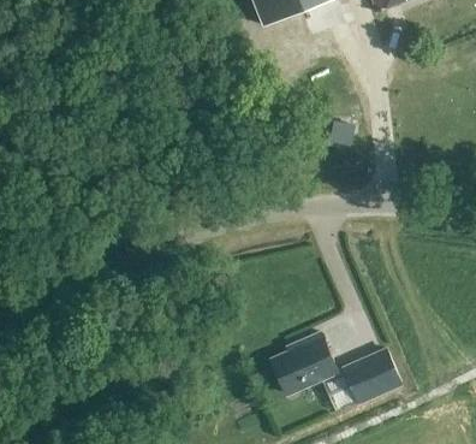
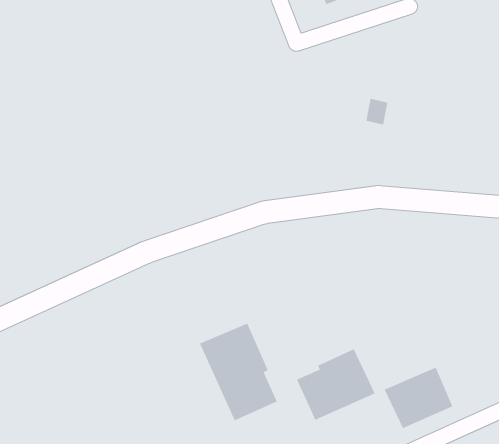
building: none -> [199,323,278,421]

